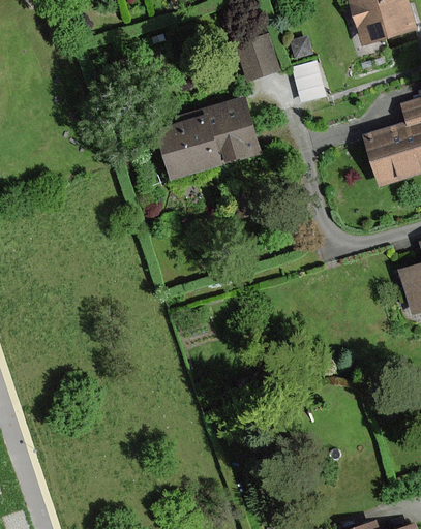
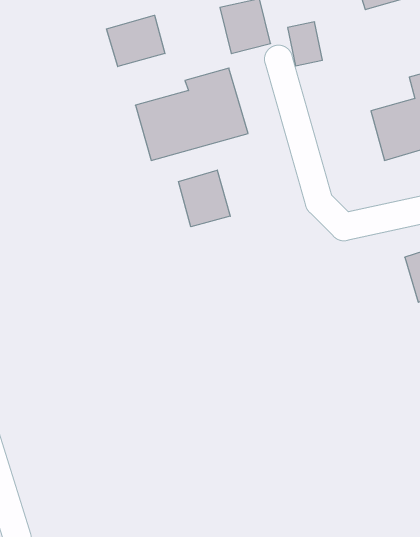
building: none -> [106,15,165,67]
building: none -> [178,170,230,227]

